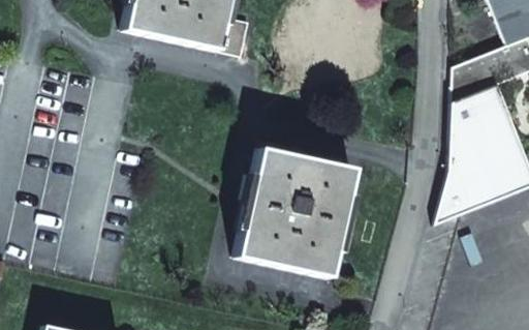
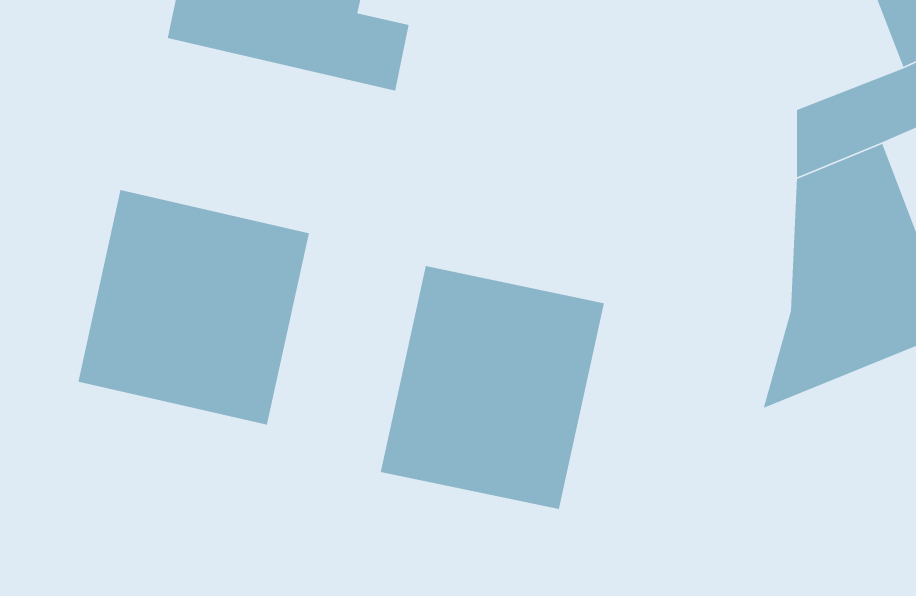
building: none -> [78,189,310,426]

